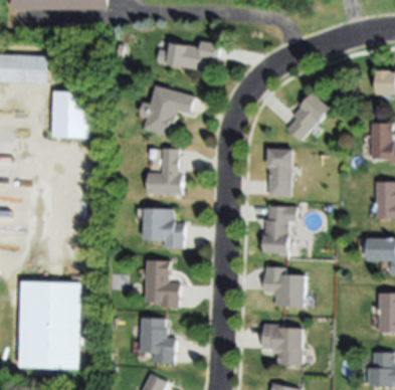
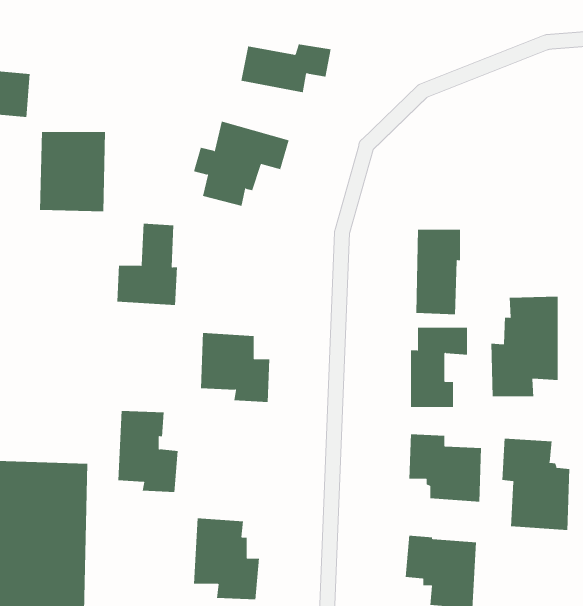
building: [286,92,330,140] -> none
building: [146,148,181,195] -> [116,223,178,305]
building: none -> [491,296,558,397]
building: [144,259,179,307] -> [117,410,179,493]
building: none -> [502,438,570,531]

